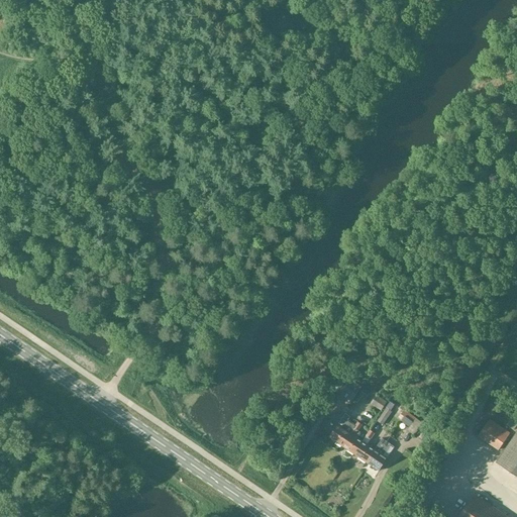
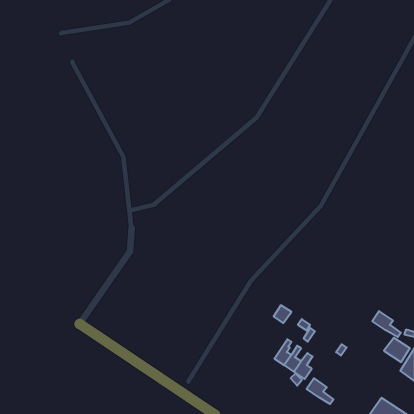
building: none -> [372,311,401,337]
building: [330,415,356,447] -> none
building: none -> [307,378,333,404]

